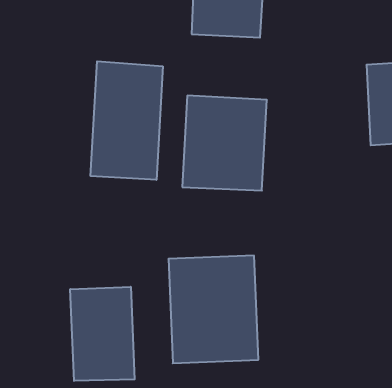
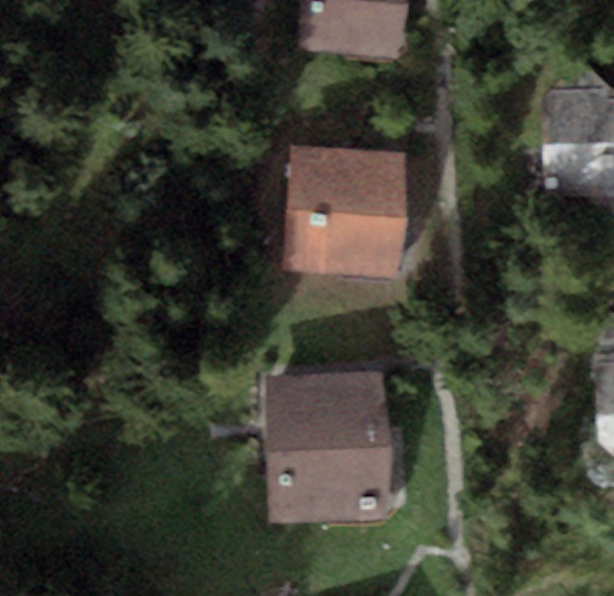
building: [91,61,163,180] -> none
building: [70,287,135,381] -> none

